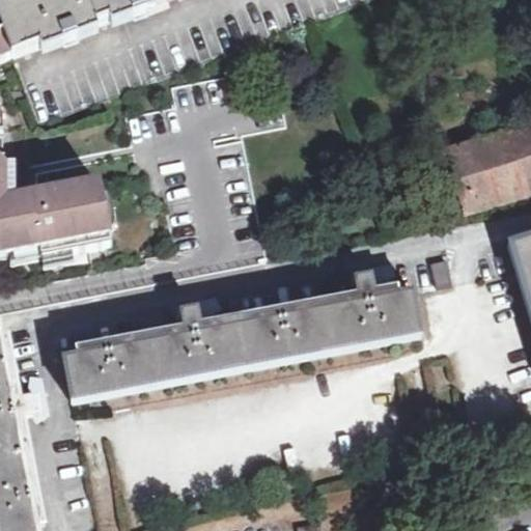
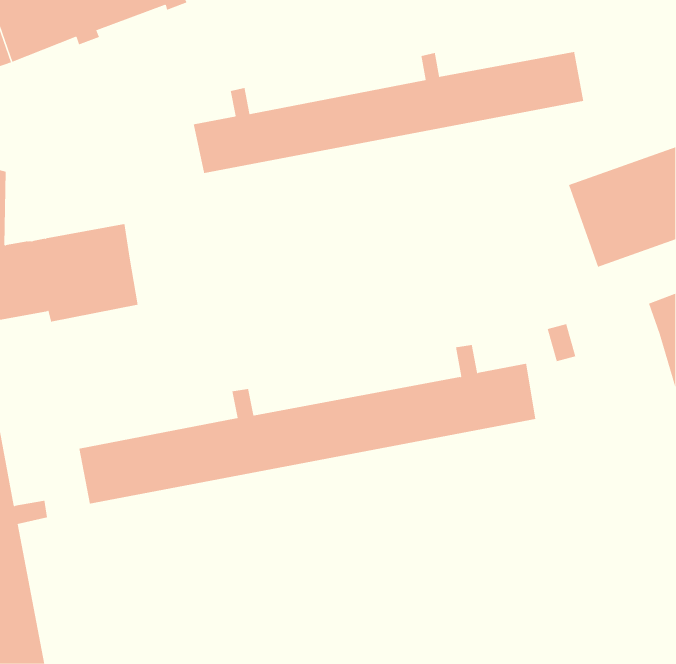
building: none -> [193,51,584,174]

